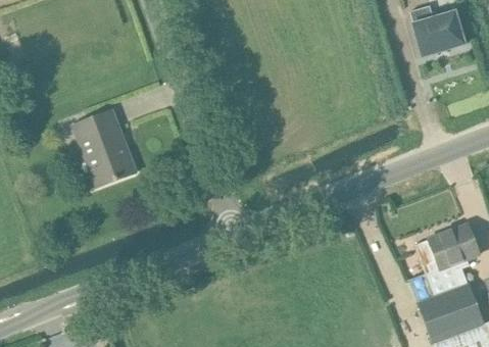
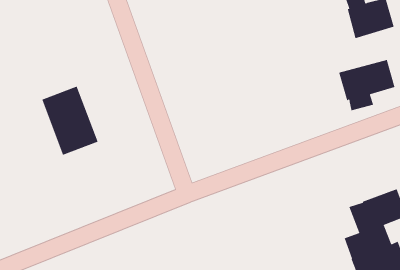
building: none -> [338,59,395,111]

